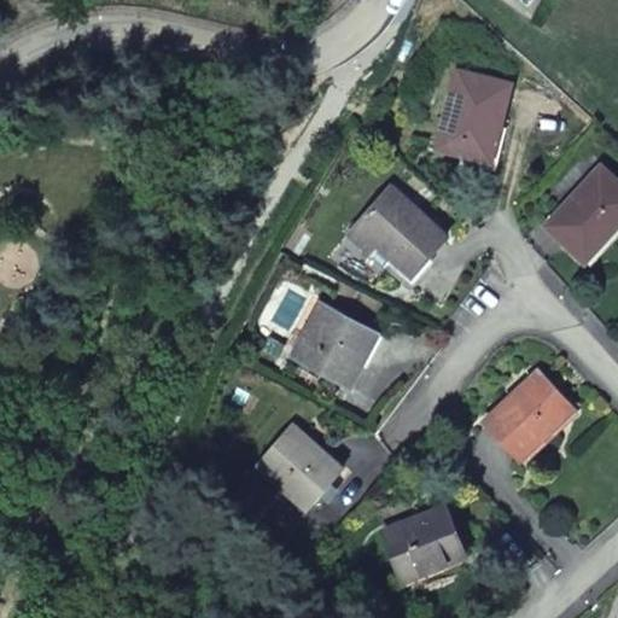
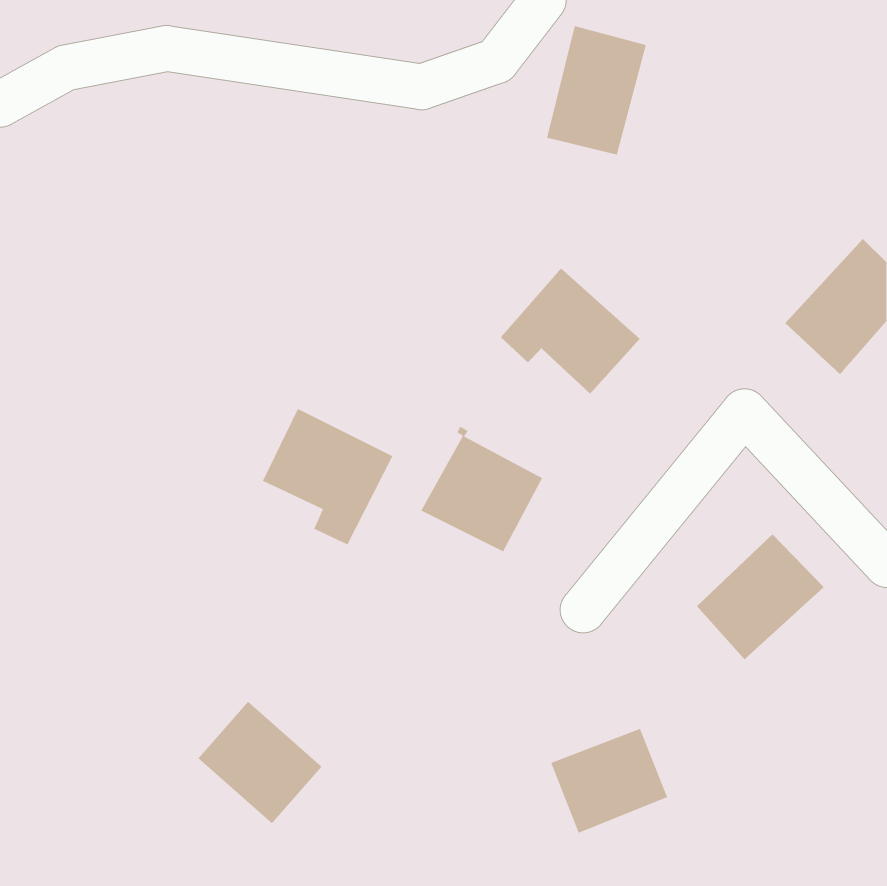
building: [439,70,509,161] -> [546,25,647,156]
building: none -> [262,408,394,545]
building: [255,424,342,509] -> [198,701,323,824]

